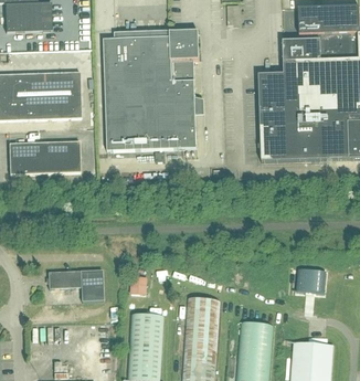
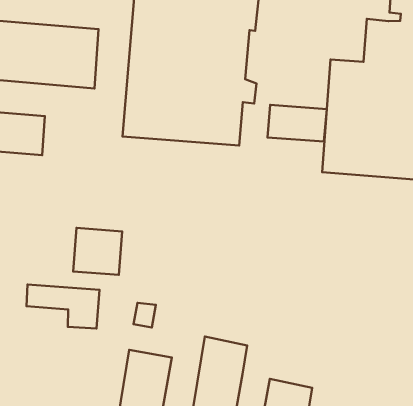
building: none -> [268,105,327,142]
building: [45,140,80,171] -> none
building: none -> [73,228,122,275]
building: [296,266,325,292] -> none

